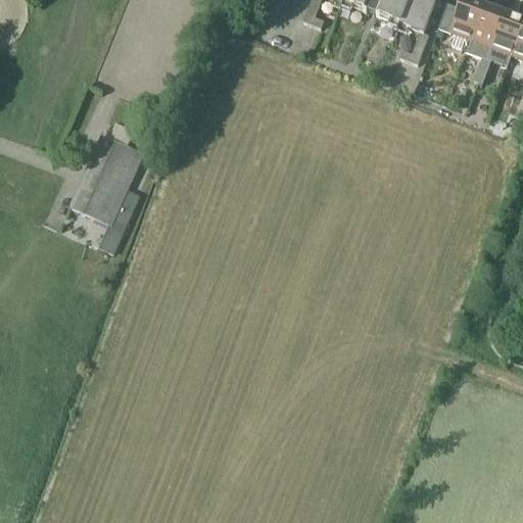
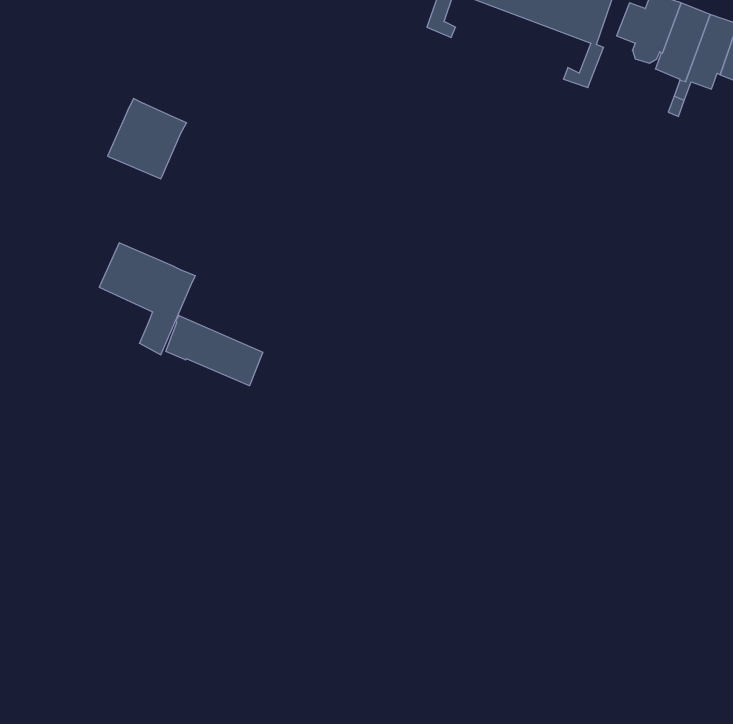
building: [86,132,142,189] -> [108,99,187,179]
building: none -> [166,315,263,386]

